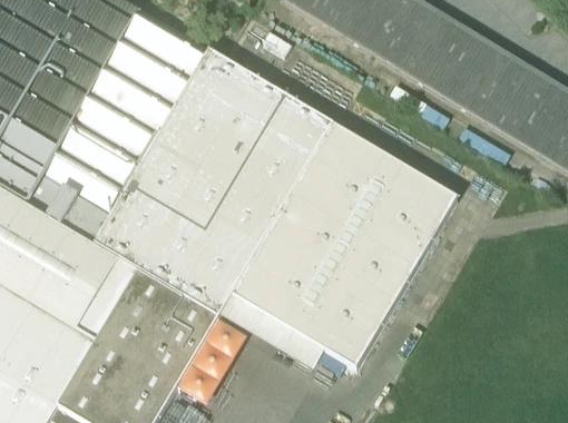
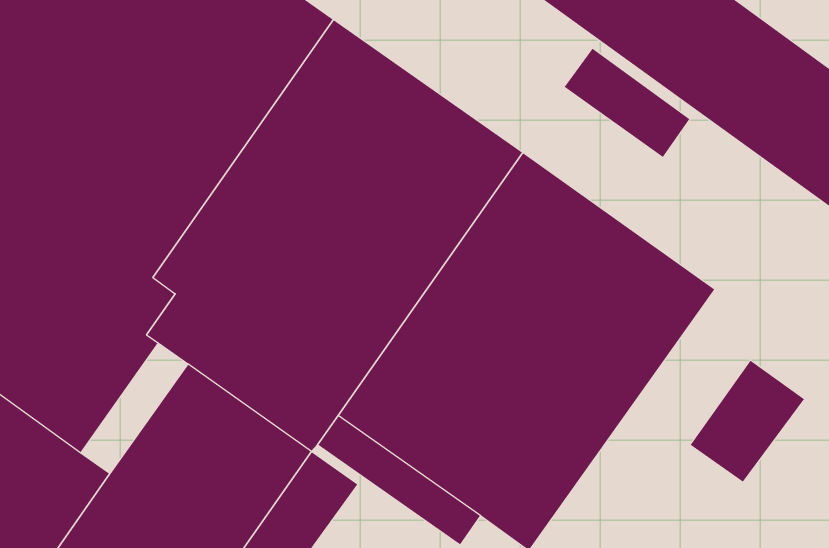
building: none -> [564,48,690,158]
building: none -> [690,360,805,483]
building: [76,257,137,340] -> none

